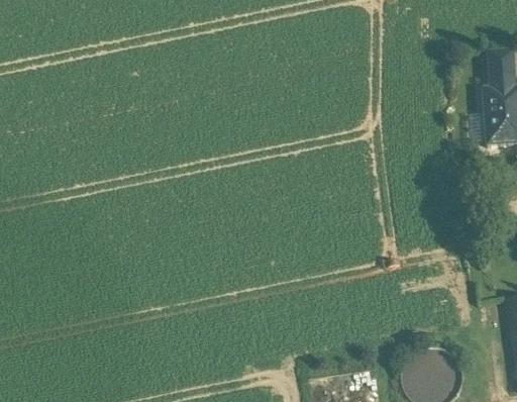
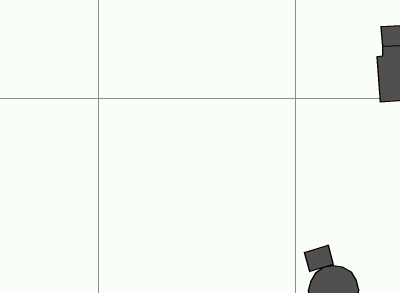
building: none -> [304,245,333,272]

